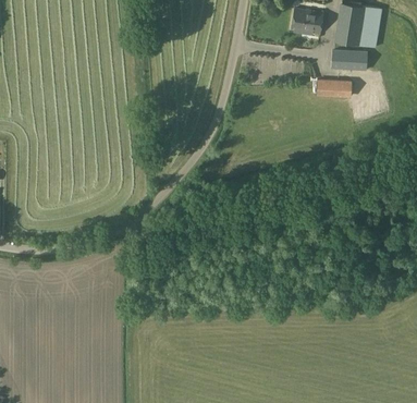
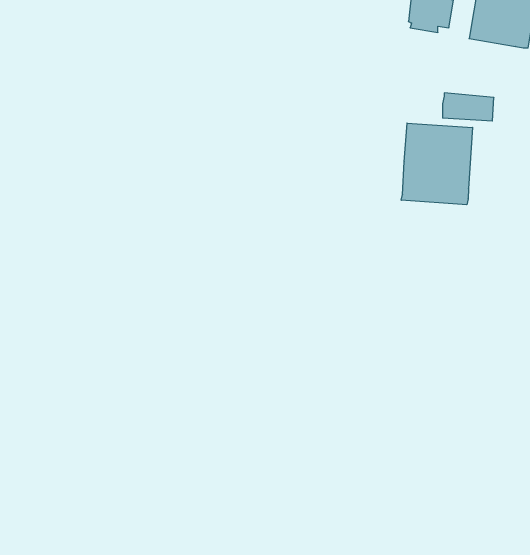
building: [331,51,367,73] -> none
building: none -> [401,123,473,205]

